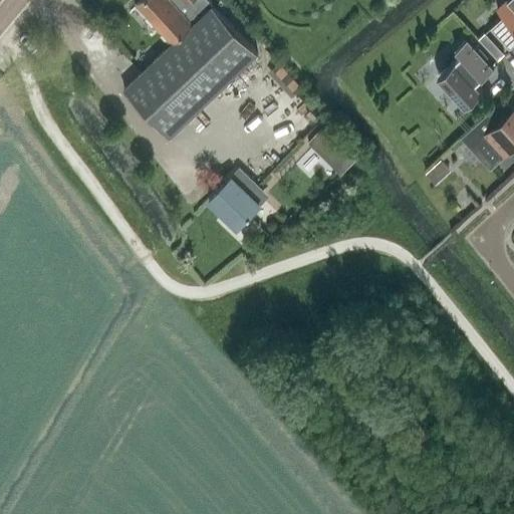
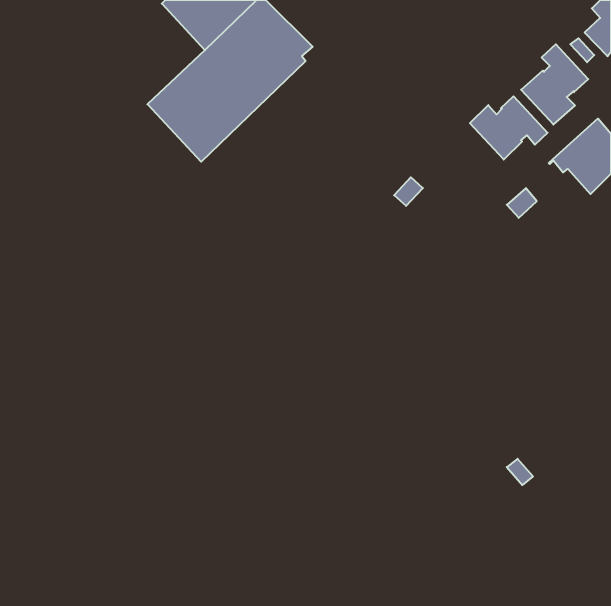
building: none -> [470,96,548,160]
building: [311,136,343,168] -> none
building: [209,172,262,230] -> none

